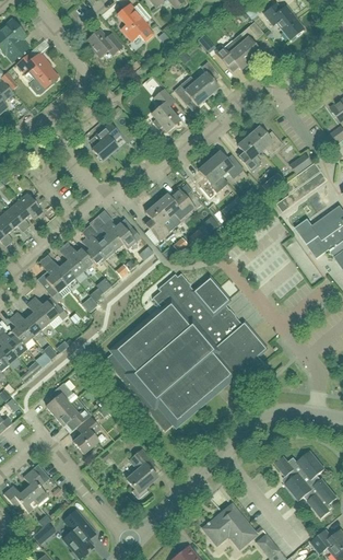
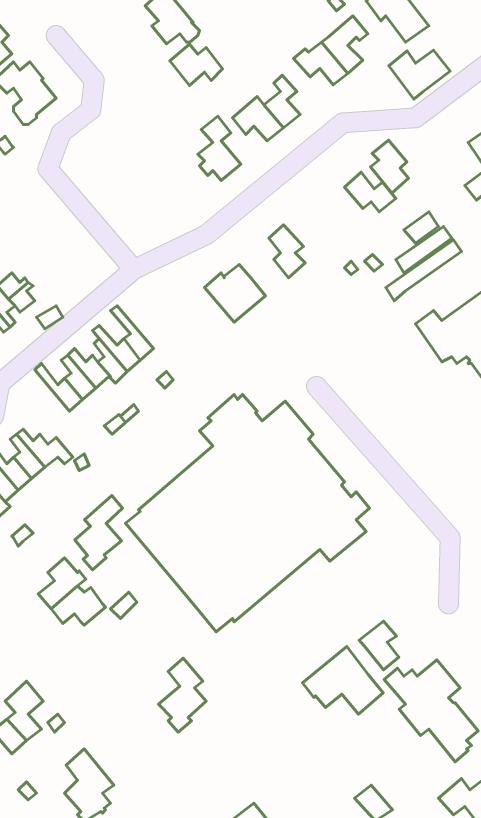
building: [87,30,122,57] -> [170,44,223,85]
building: none -> [389,50,450,99]
building: [93,121,120,160] -> none
building: [237,136,262,171] -> [370,140,408,193]
building: [209,151,244,177] -> none
building: [143,201,176,240] -> none
building: [98,209,141,248] -> none
building: [39,257,67,301] -> none
building: none -> [75,496,122,570]
building: [73,416,100,453] -> none
building: none -> [359,621,399,670]
building: [203,503,257,548] -> [302,647,383,714]

